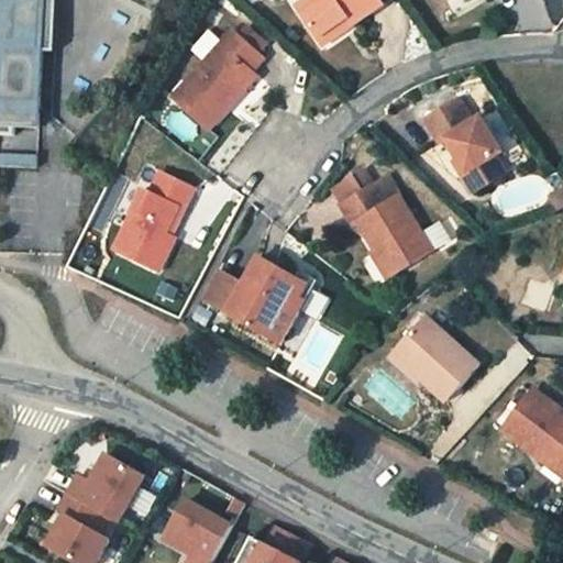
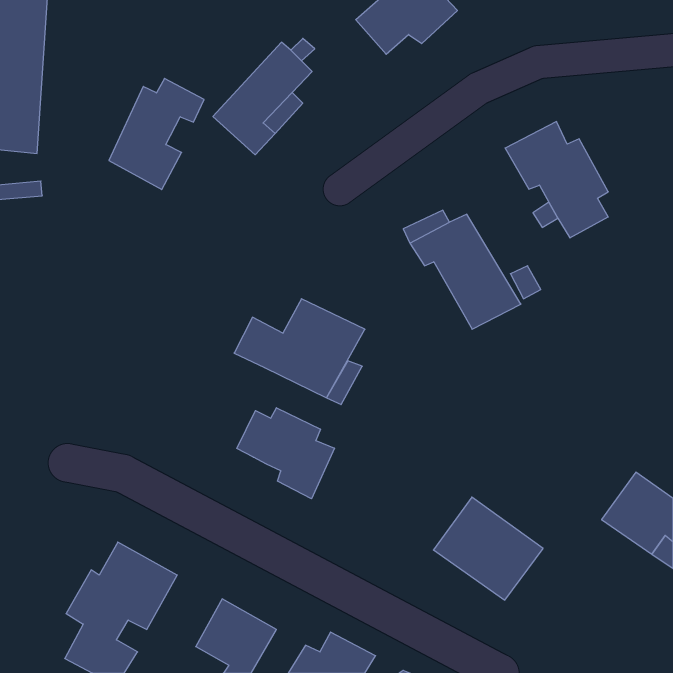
building: [106,169,185,262] -> [109,78,204,190]
building: [389,321,481,407] -> [433,497,543,600]
building: none -> [237,408,334,499]

